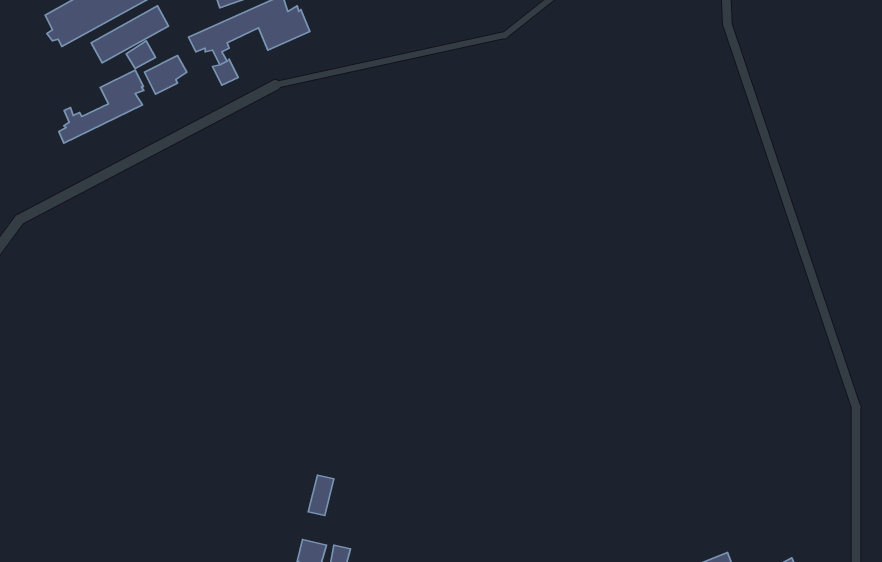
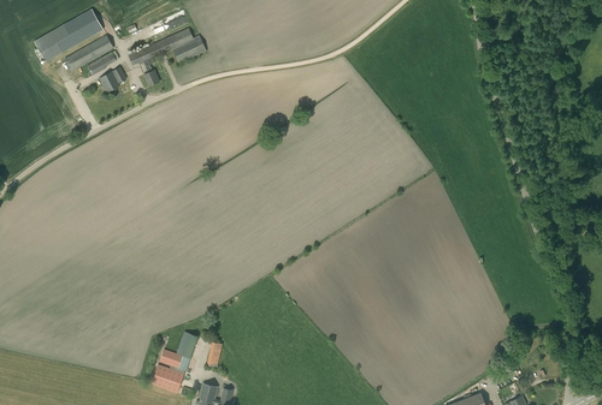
building: [59,70,144,143] -> none
building: none -> [150,332,197,393]

